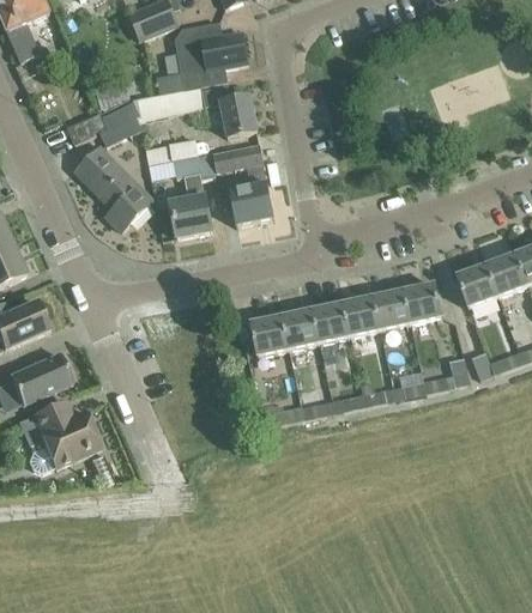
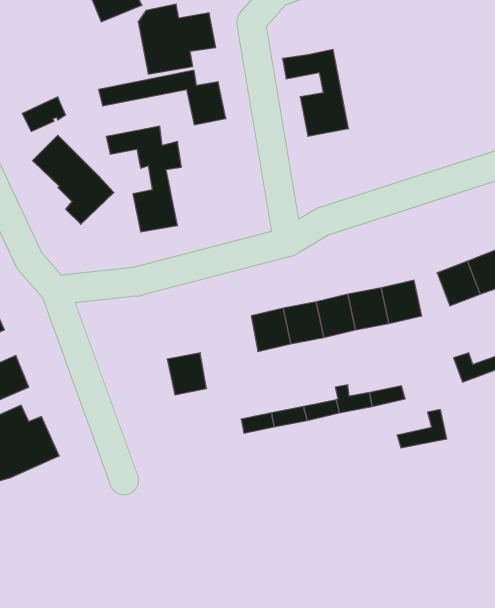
building: [99,104,141,145] -> none
building: [212,145,274,226] -> [282,50,349,136]
building: [250,316,288,356] -> [167,353,207,395]
building: [423,358,470,394] -> [397,410,447,448]

